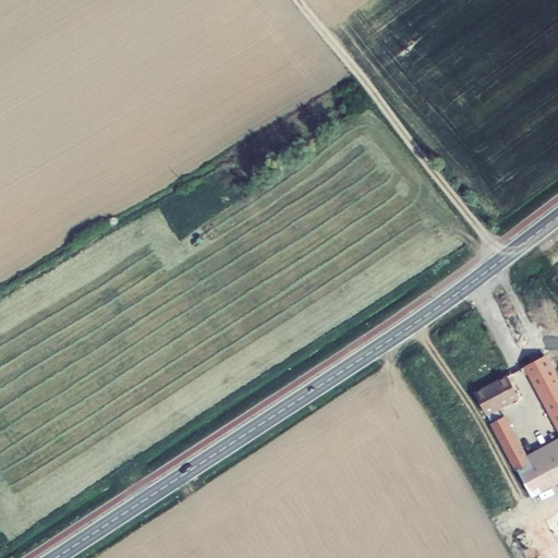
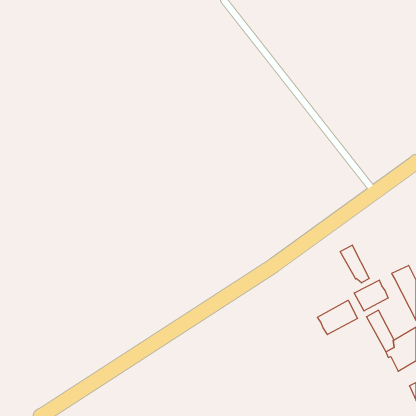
building: none -> [340,245,369,283]
building: none -> [317,300,358,335]

